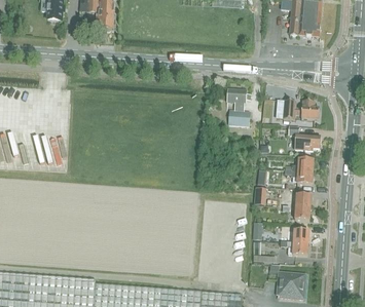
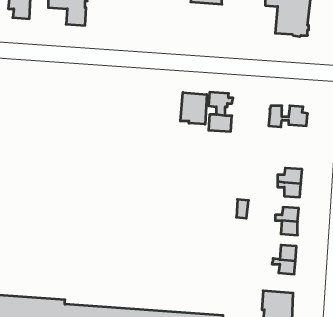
building: none -> [180,92,207,124]
building: [290,125,322,149] -> none

